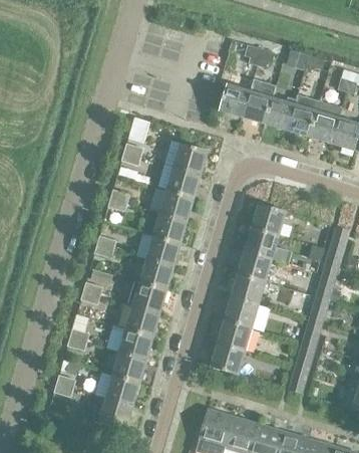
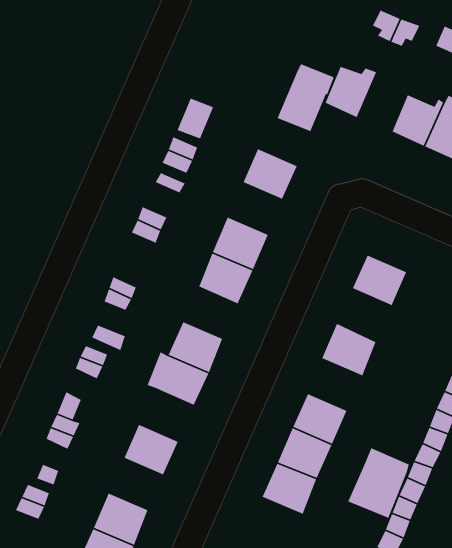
building: [241,79,275,123] -> [276,63,335,132]
building: [165,167,200,198] -> none
building: [244,226,286,261] -> none
building: [145,237,180,268] -> none
building: [231,273,265,304] -> none
building: [125,305,159,337] -> none
building: none -> [347,447,410,519]
building: [111,353,145,384] -> none

